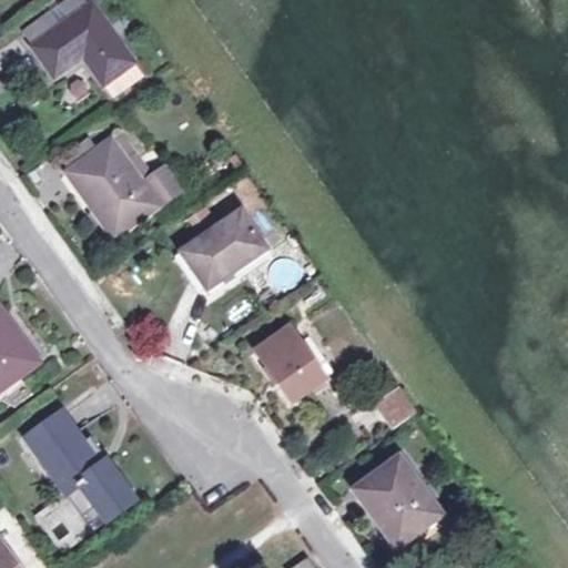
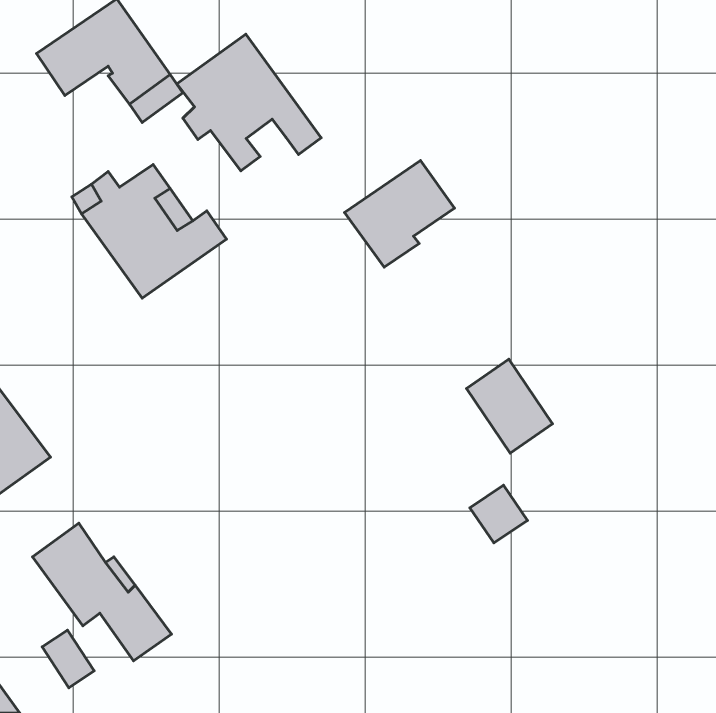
building: none -> [177,34,321,171]
building: [180,209,266,293] -> [345,160,454,267]
building: [256,324,324,398] -> [467,359,552,453]
building: [356,457,442,540] -> none

